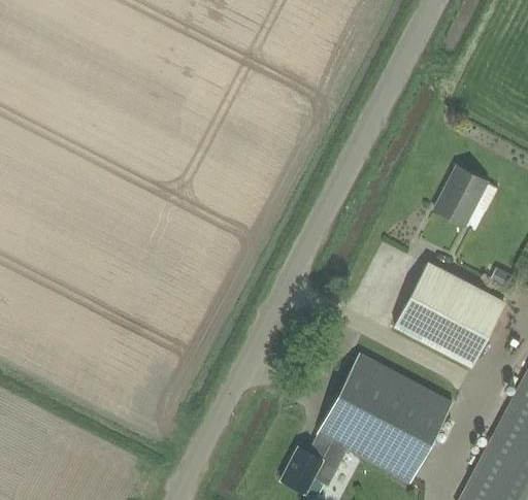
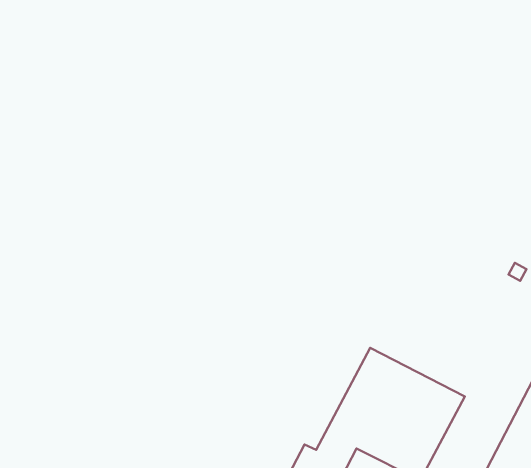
building: [435,167,487,226] -> none
building: [394,262,506,368] -> none

